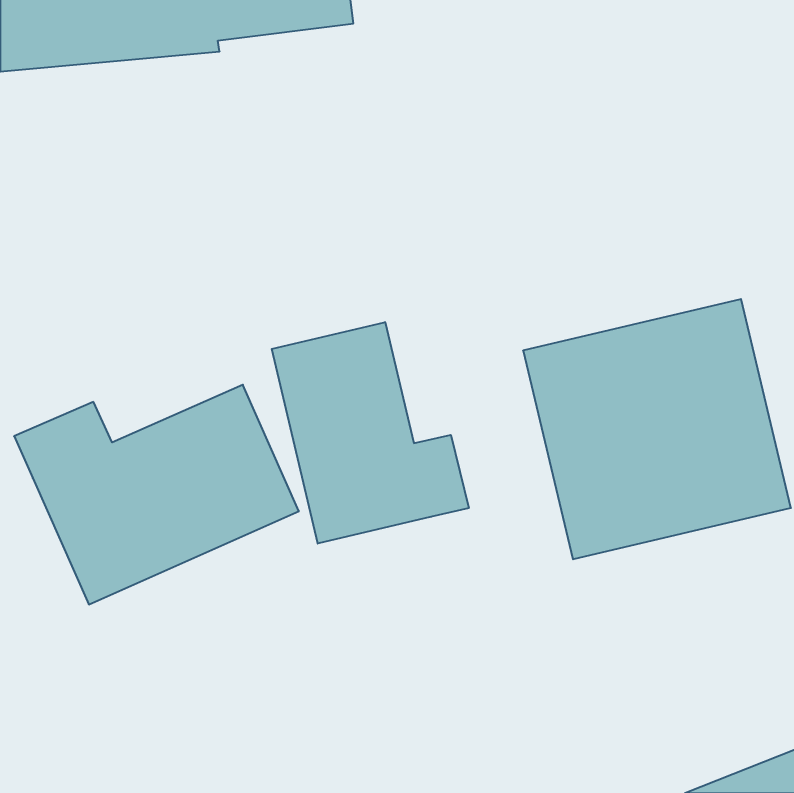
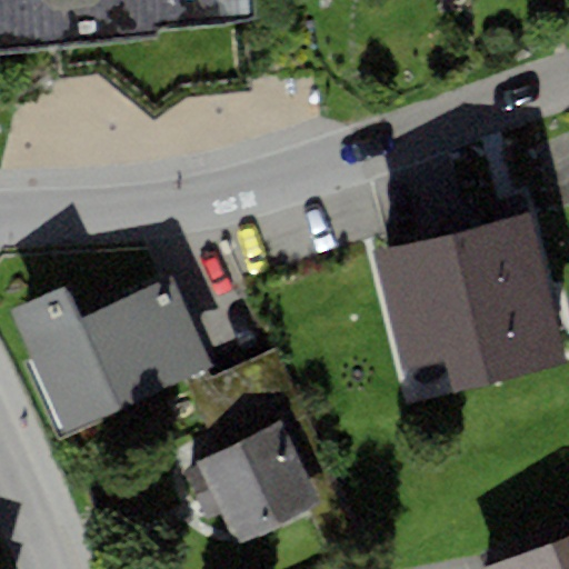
building: [272,322,469,544] -> none
building: none -> [196,420,321,542]

